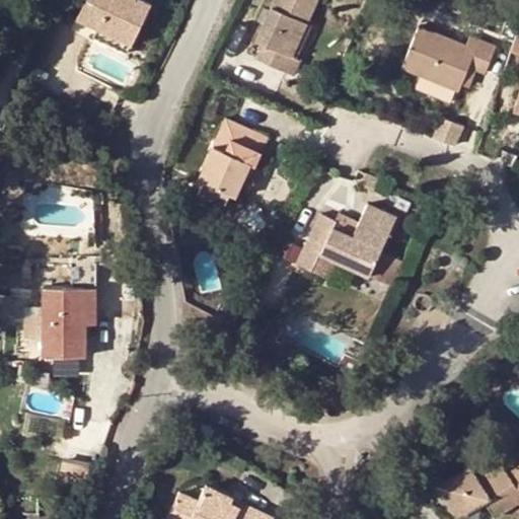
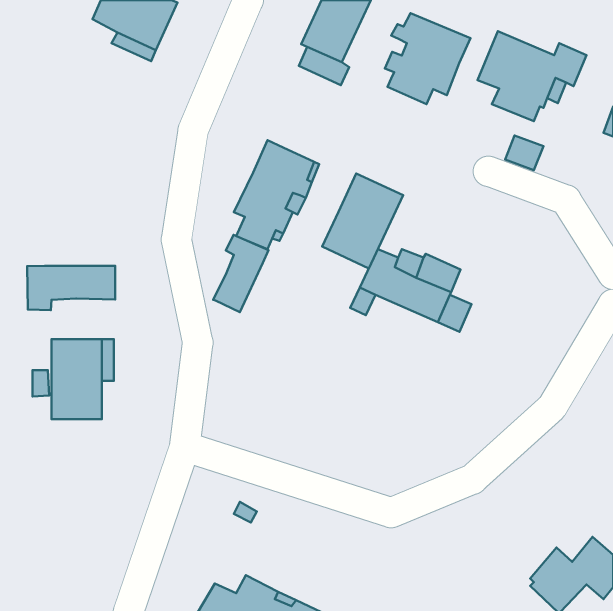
building: none -> [385,13,470,104]
building: none -> [322,174,403,268]
building: none -> [213,235,269,312]
building: none -> [27,266,115,310]

